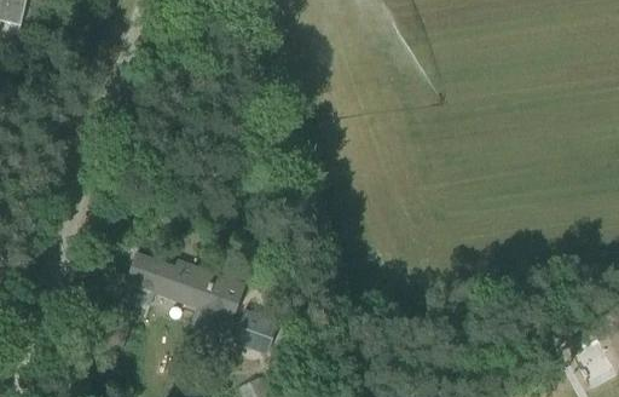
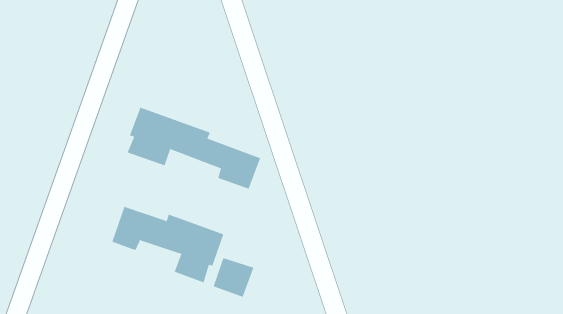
building: none -> [127,107,261,190]

